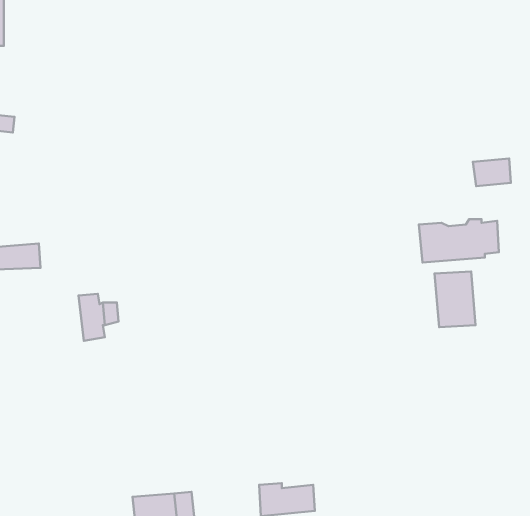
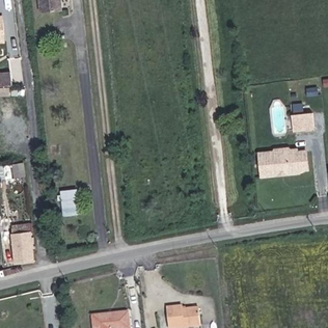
building: [435,272,475,327] -> none
building: none -> [13,231,34,262]

